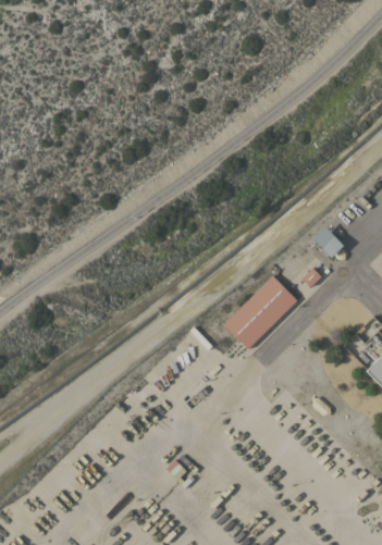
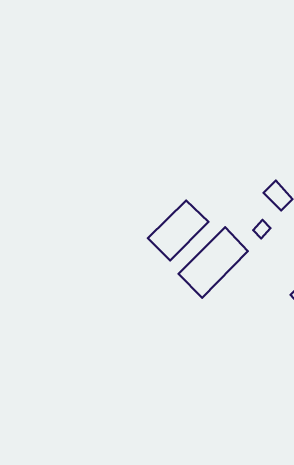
building: none -> [148,201,209,260]

